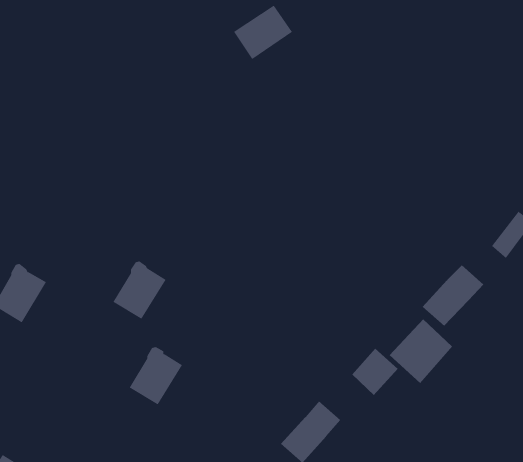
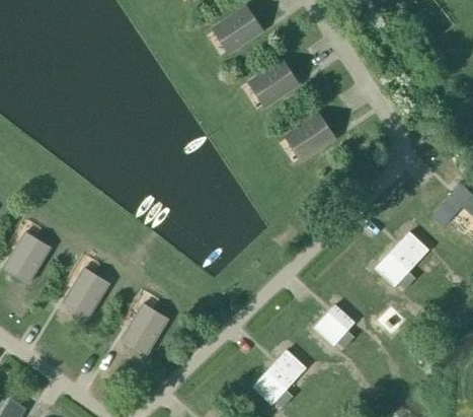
building: none -> [247,60,299,108]
building: none -> [285,115,335,162]
building: [113,261,167,320] -> [63,267,109,318]
building: [389,318,453,384] -> none

